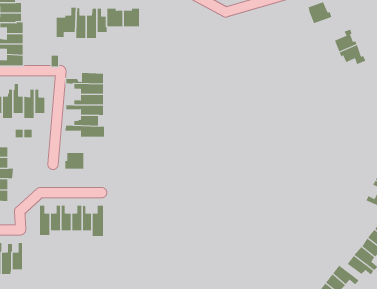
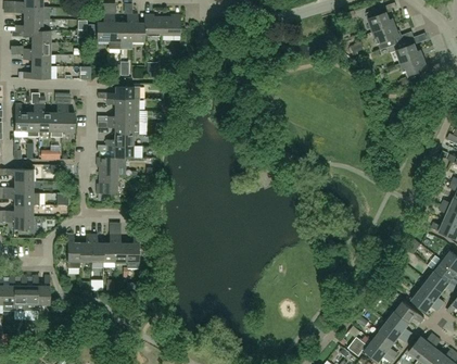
building: none -> [373,24,404,50]
building: none -> [97,156,126,175]

